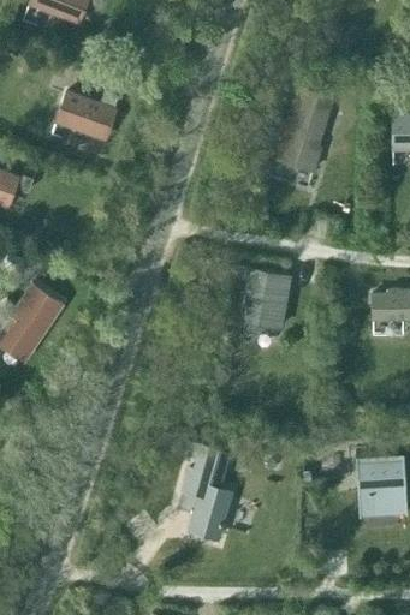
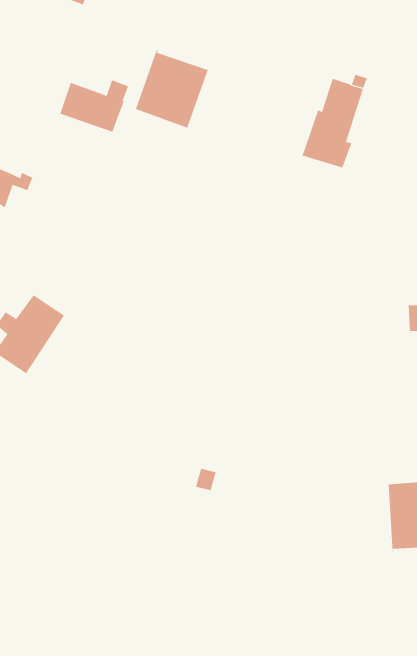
building: none -> [135,49,209,129]
building: [237,268,290,328] -> none
building: [183,448,231,541] -> none

